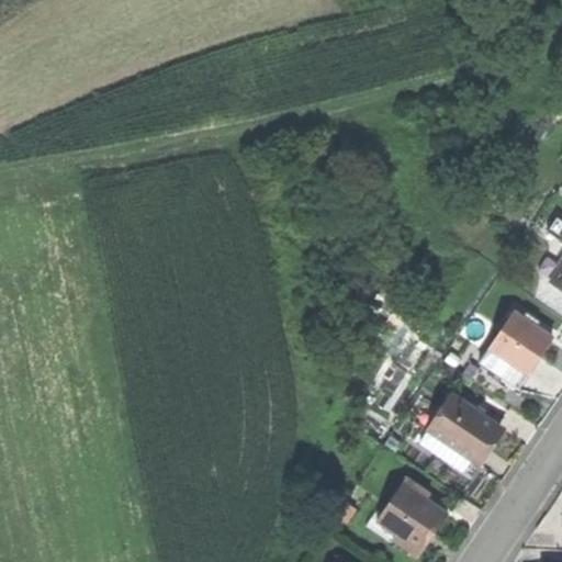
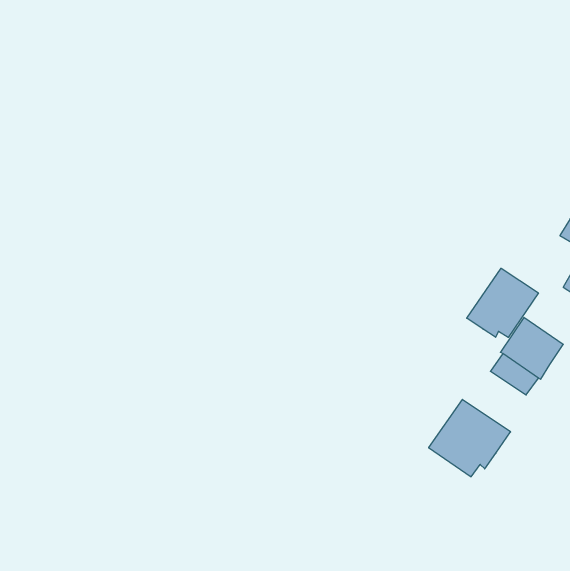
building: none -> [467,268,538,337]
building: [375,481,449,548] -> none

